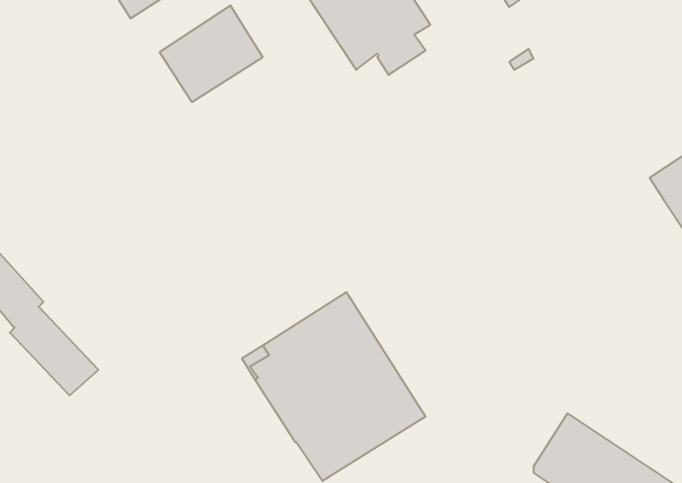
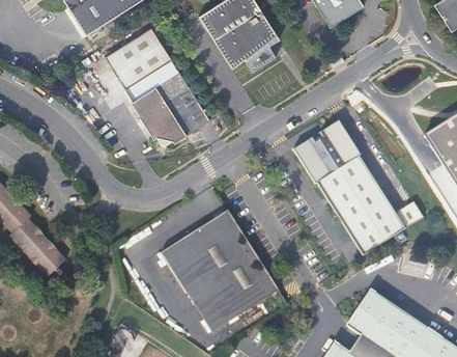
building: none -> [133,72,212,145]
building: none -> [292,121,422,256]

